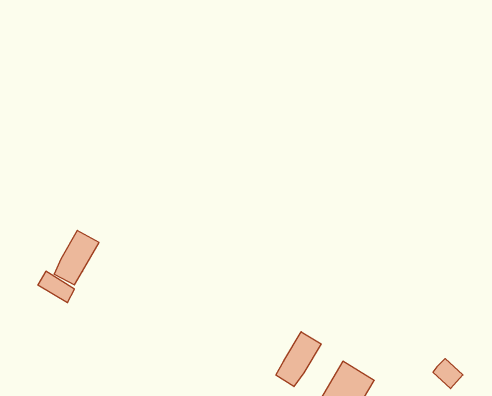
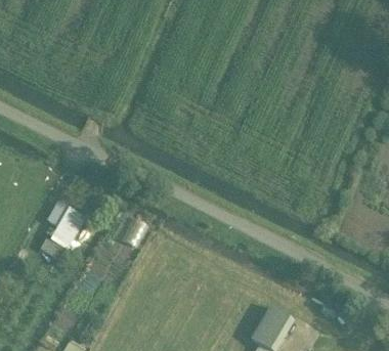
building: [276,332,321,387] -> none

